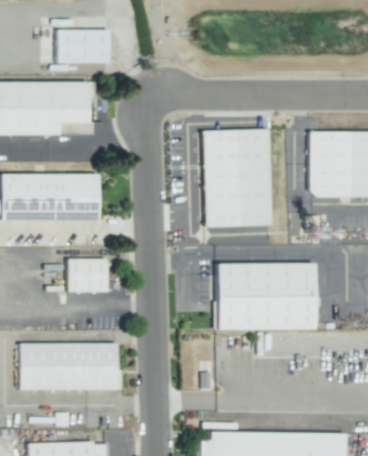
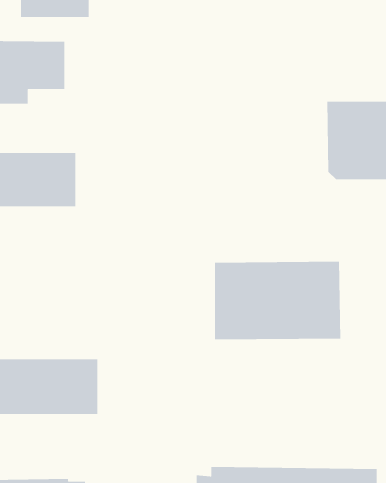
building: [198,129,274,227] -> none
building: [64,259,109,293] -> none

